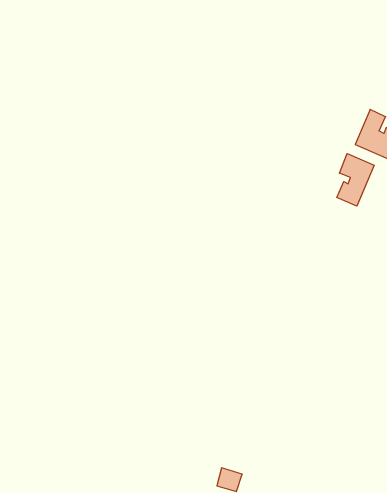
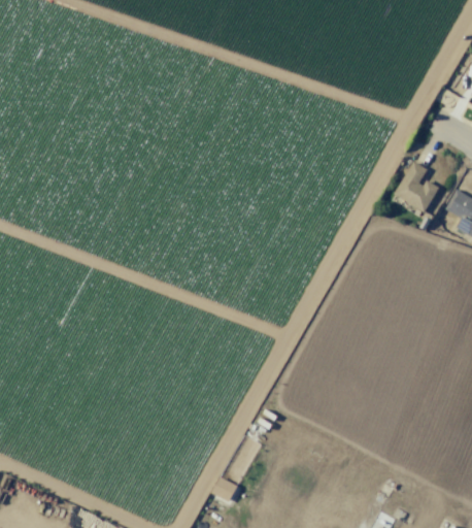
building: [337,154,374,206] -> none

